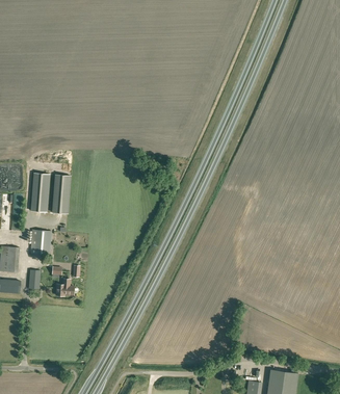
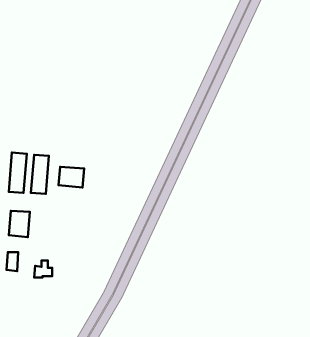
building: none -> [59,167,84,188]

